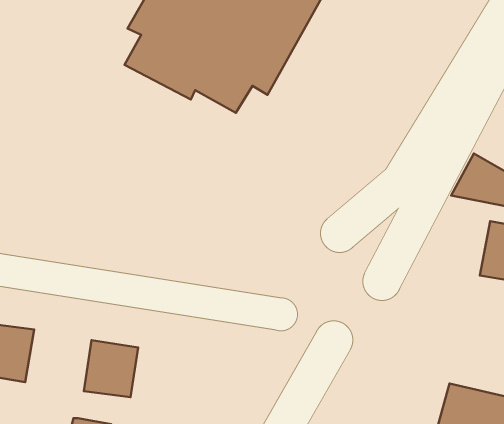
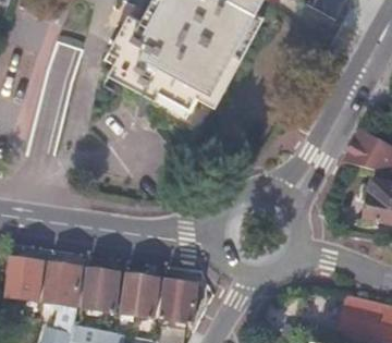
building: none -> [42,260,79,303]
building: none -> [119,272,160,316]
building: none -> [162,279,199,321]

